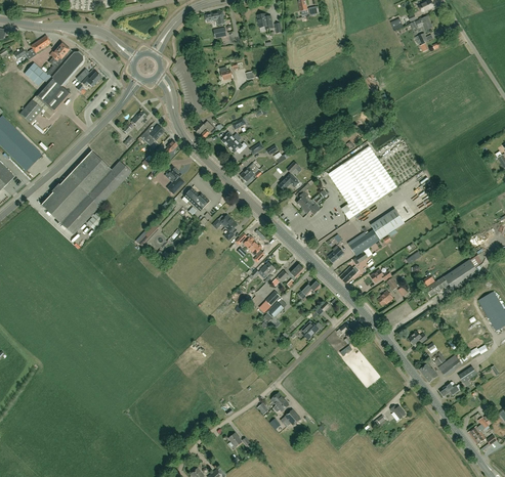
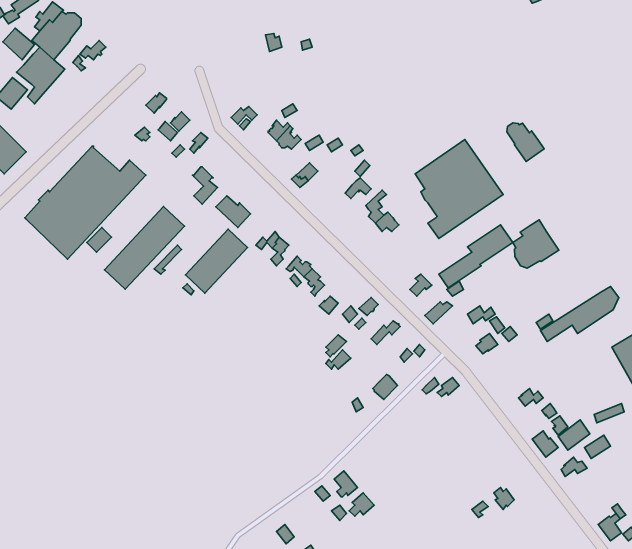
building: none -> [507,123,544,162]
building: none -> [105,207,184,289]
building: none -> [513,220,559,268]
building: none -> [185,229,247,293]

